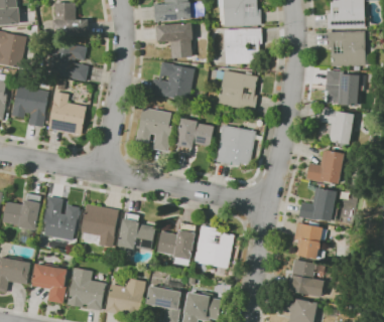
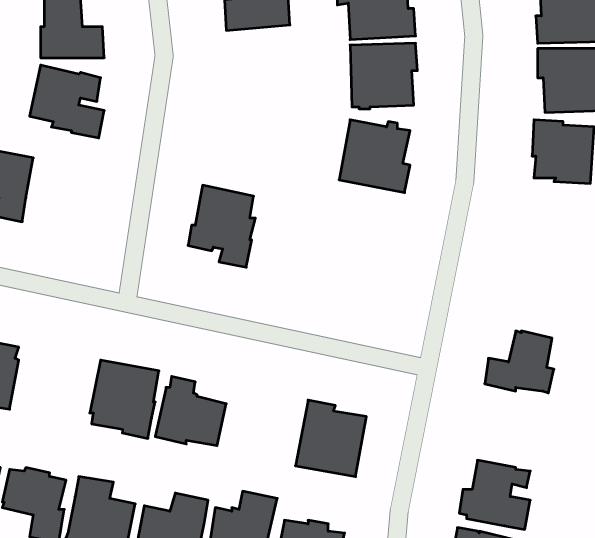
building: [155,22,193,58] -> none
building: [149,61,194,98] -> none
building: [48,92,85,134] -> none
building: [319,107,354,144] -> none
building: [175,118,214,154] -> none
building: [216,124,255,164] -> none
building: [305,150,344,183] -> none
building: [42,195,79,240] -> none
building: [293,222,323,260] -> none
building: [157,223,196,266] -> none

